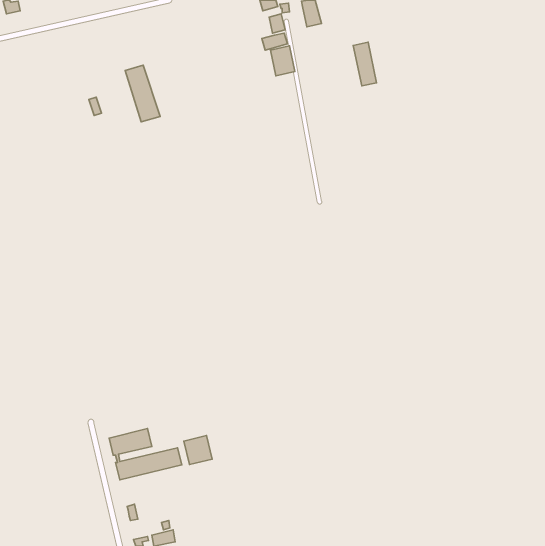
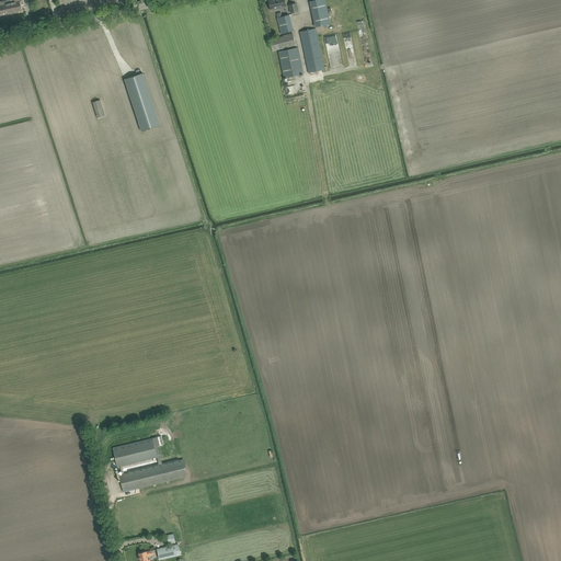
building: [353,42,377,86] -> [299,28,323,73]
building: [184,436,212,464] -> none

